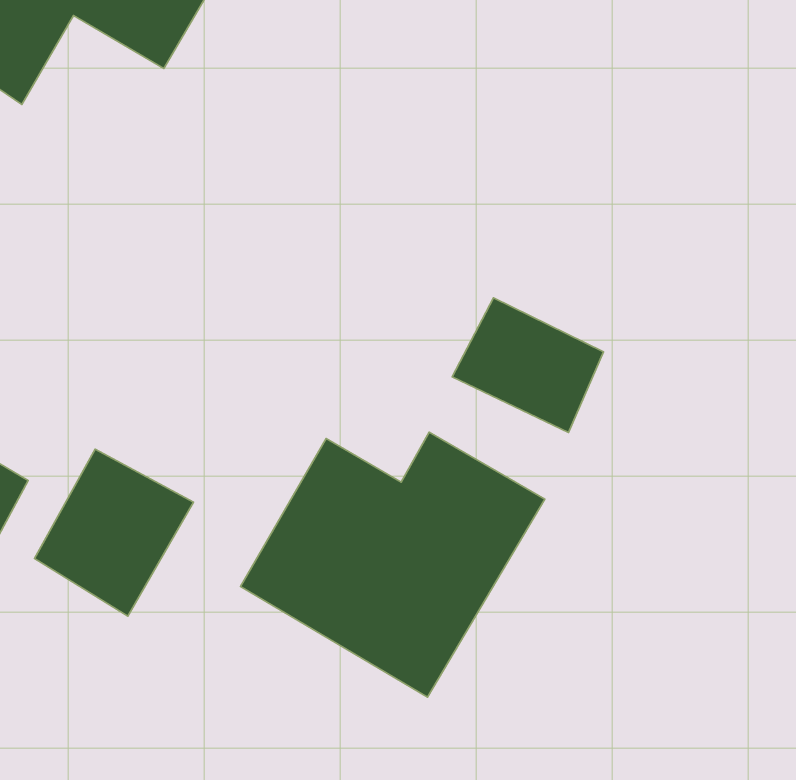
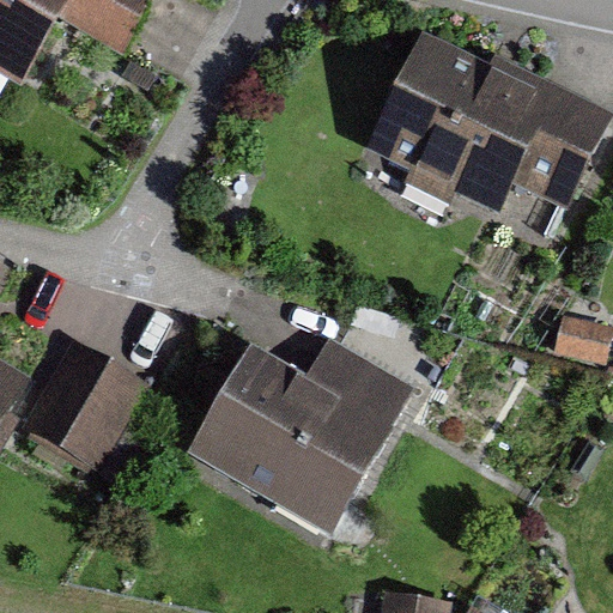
building: none -> [363,37,601,211]
building: [452,298,603,433] -> none

